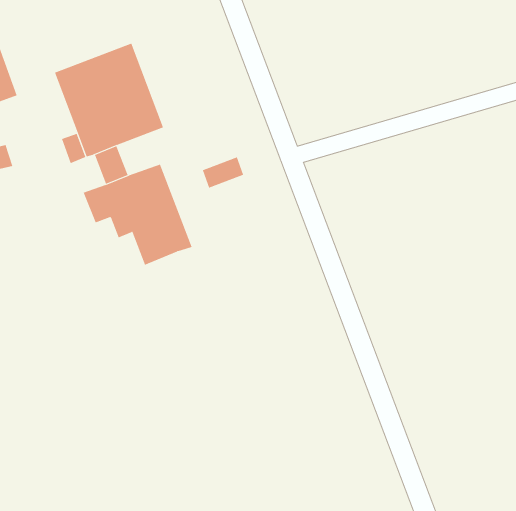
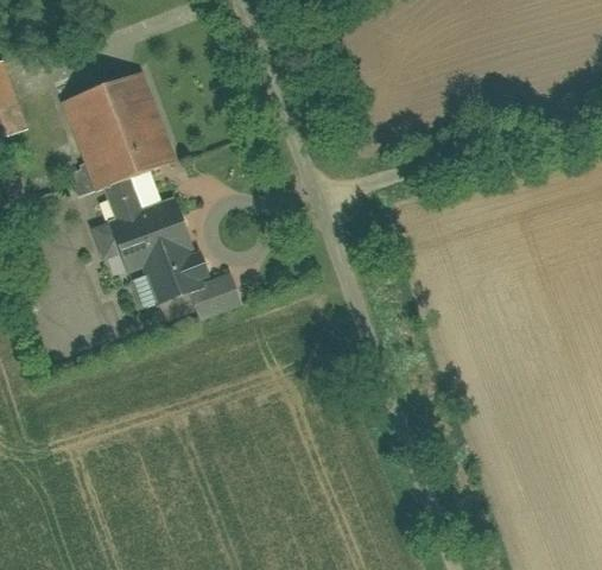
building: [202,156,244,188] -> none
building: none -> [190,273,242,318]

